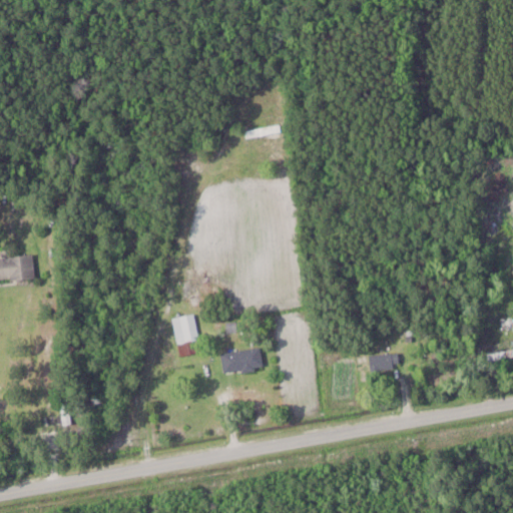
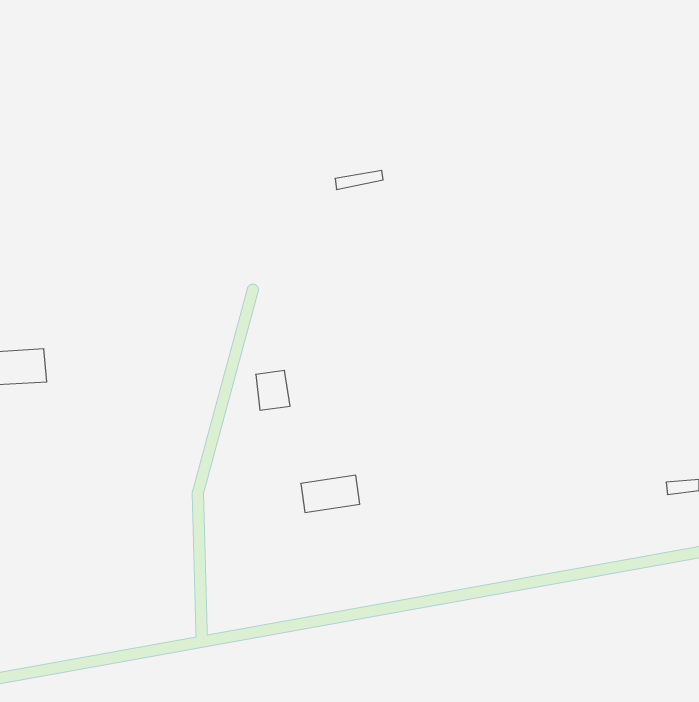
building: [172,314,197,343] -> [256,370,290,410]
building: [369,354,398,369] -> none

